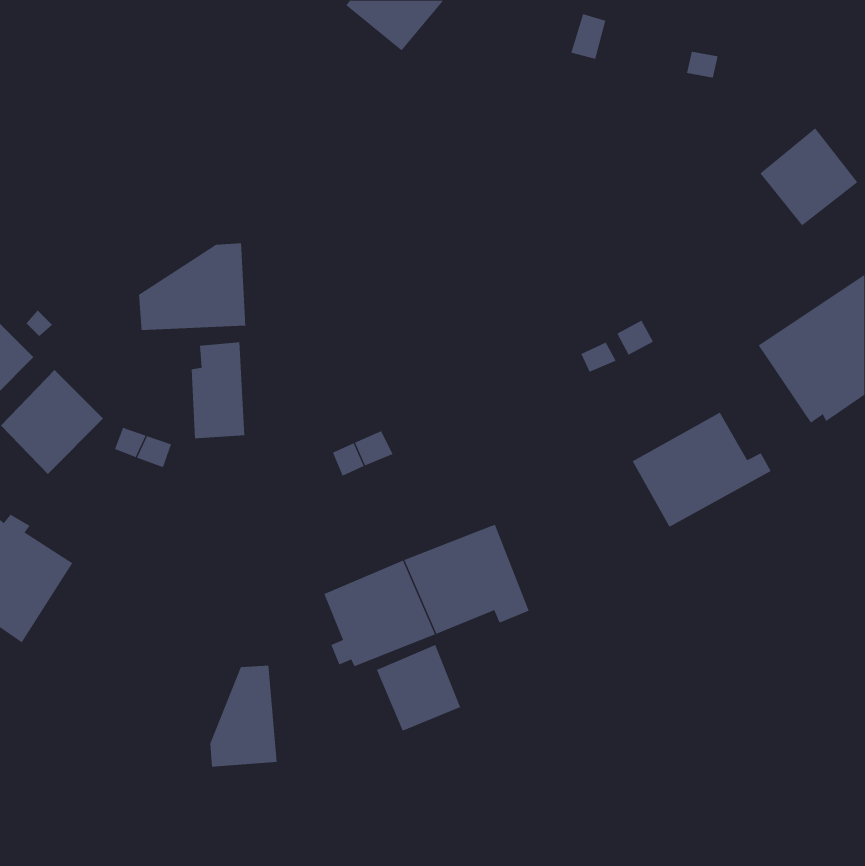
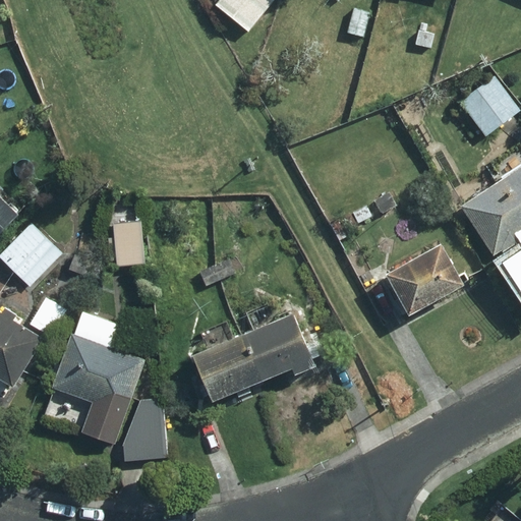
building: [139,243,246,331] -> none
building: none -> [58,335,149,444]
building: [376,644,461,732] -> none

